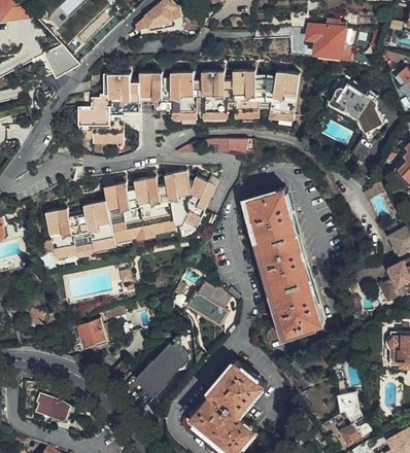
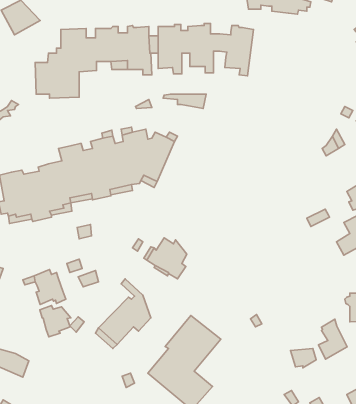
building: [334,82,385,133] -> none
building: [247,189,326,336] -> none
building: none -> [40,306,71,337]
building: [342,406,371,446] -> [318,319,347,359]

